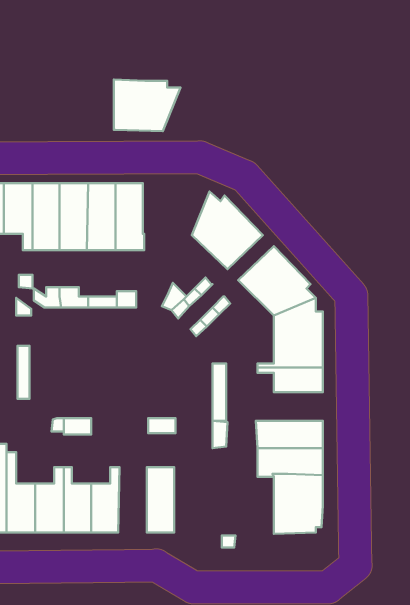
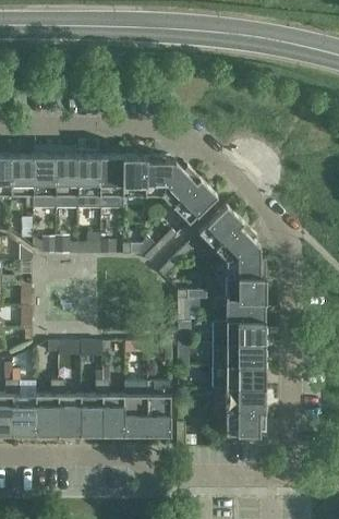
building: [114,79,181,131] -> [121,156,174,197]
building: none -> [211,323,265,346]
building: none -> [101,371,124,435]
building: none -> [146,383,170,435]

